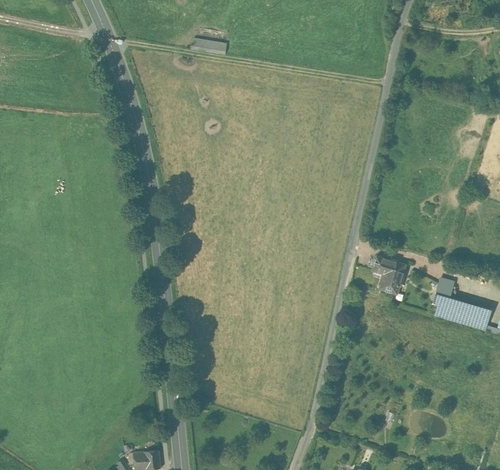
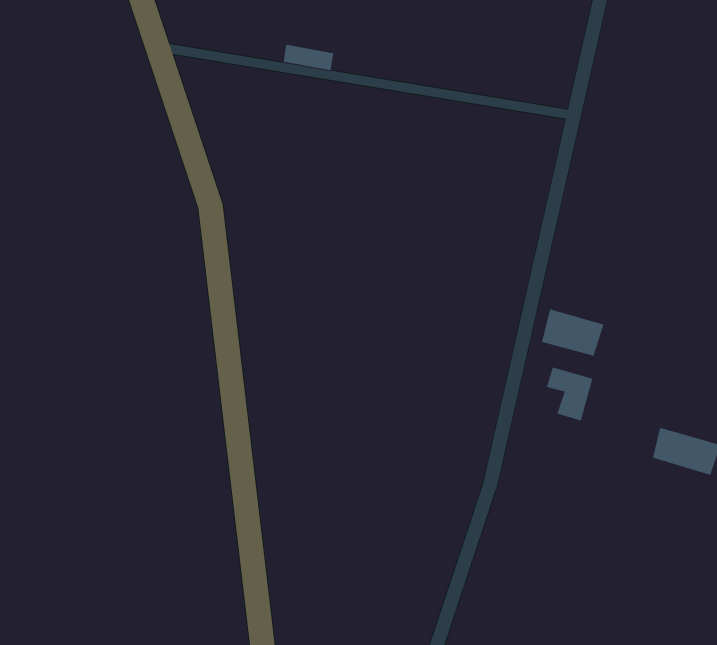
building: none -> [541,308,604,357]
building: [436,279,453,318] -> none

